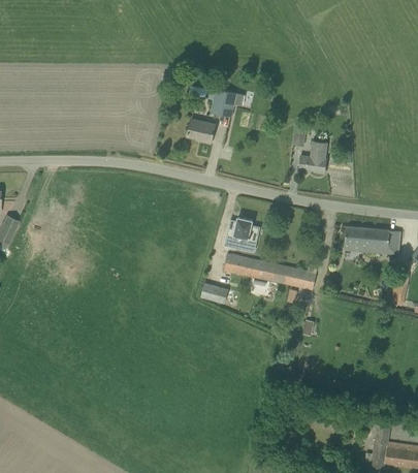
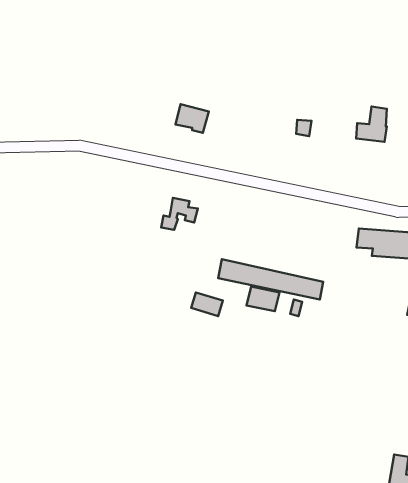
building: [211,88,236,117] -> none
building: [299,140,326,171] -> [356,106,387,142]
building: [227,217,259,245] -> [161,198,198,230]

